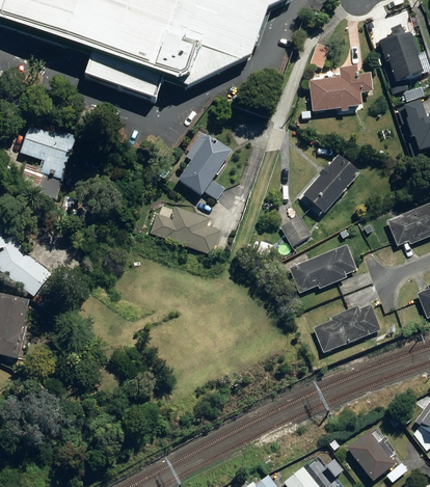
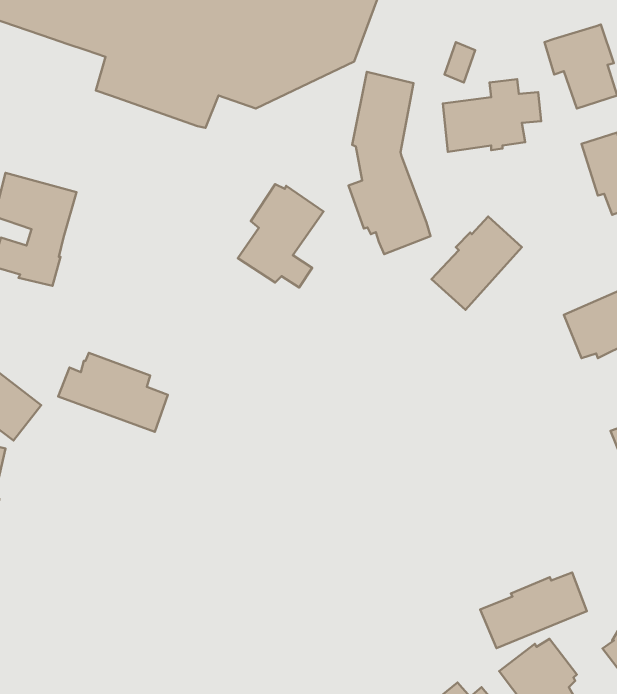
building: none -> [348,72,431,254]
building: [150,204,220,254] -> [58,353,168,432]
building: [281,216,310,244] -> none
building: [289,244,356,292] -> none
building: [312,303,380,352] -> [480,572,587,648]

